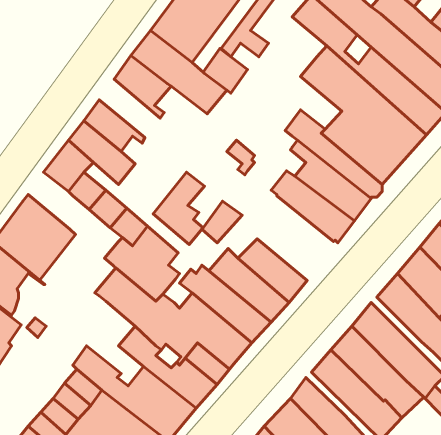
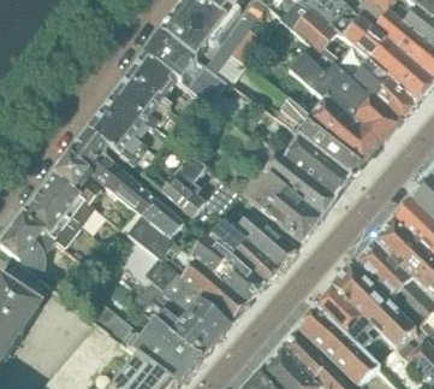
building: none -> [114,72,167,123]
building: none -> [53,153,100,202]
building: none -> [248,173,321,241]

